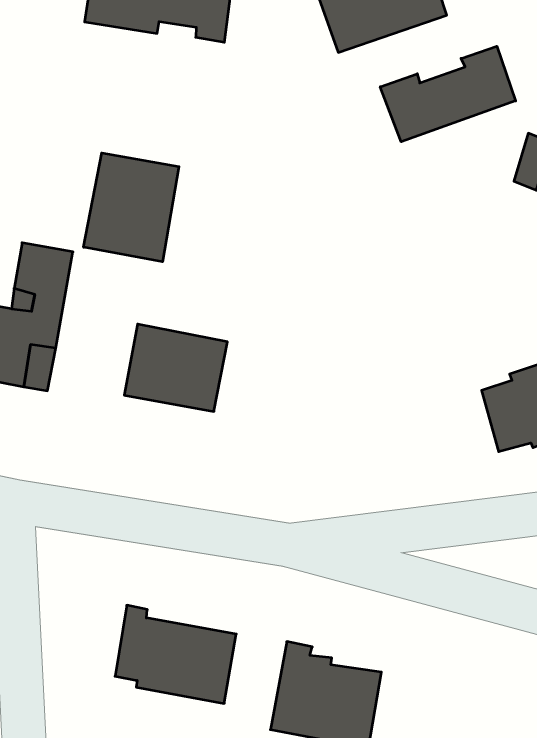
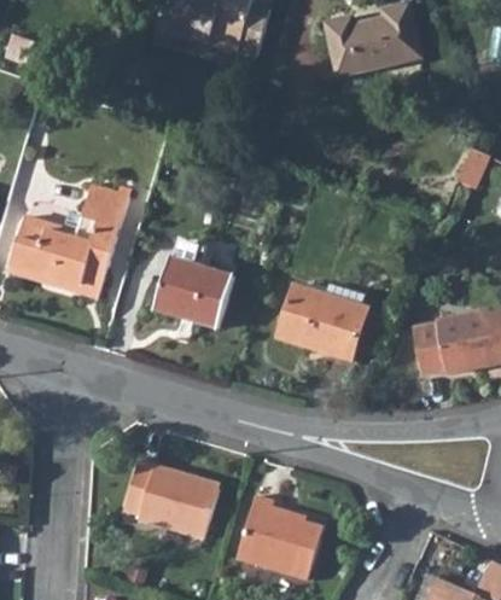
building: [380,46,516,142] -> none
building: [84,153,179,262] -> none
building: none -> [279,280,369,359]

